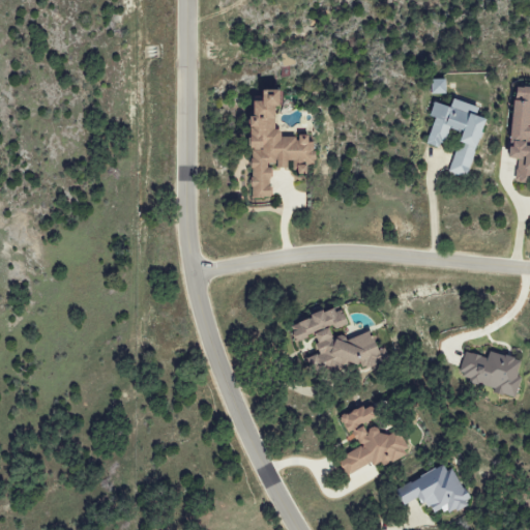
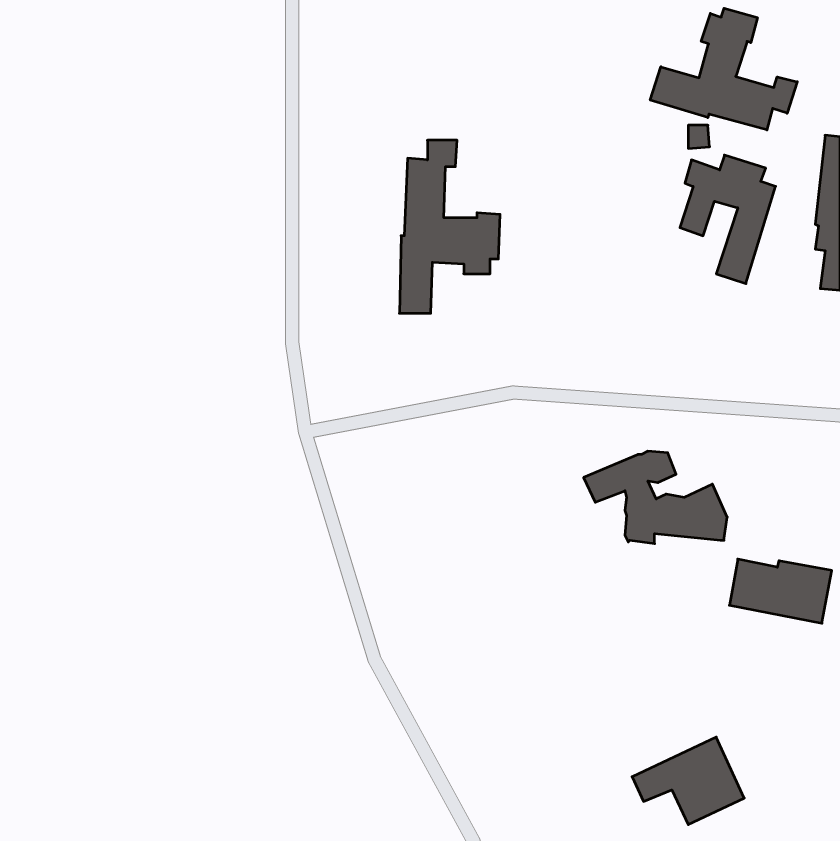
building: none -> [650,8,797,130]
building: [290,308,380,366] -> [584,451,727,544]
building: [337,404,407,475] -> none

